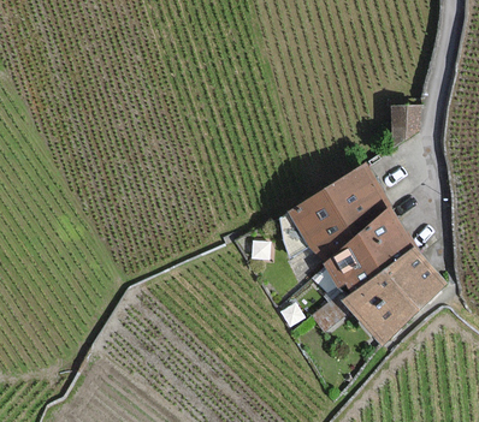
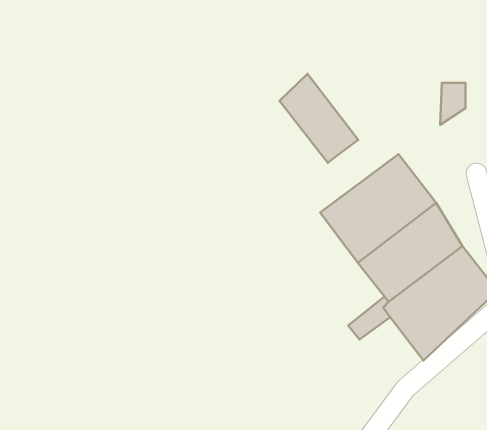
building: none -> [279,74,358,163]

